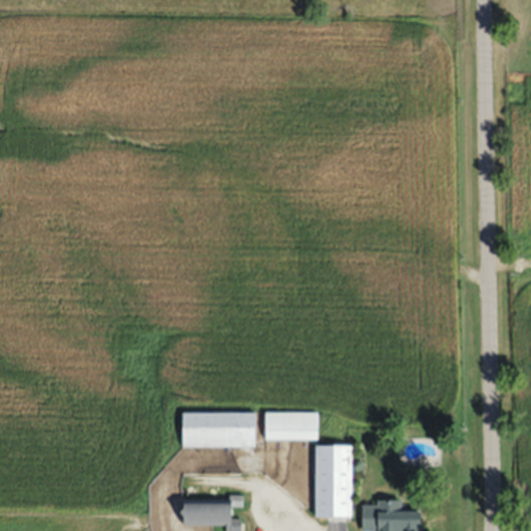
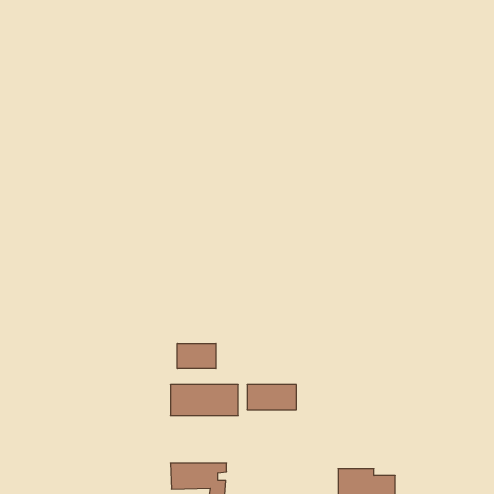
building: none -> [177,343,216,369]
building: [314,445,352,516] -> none

